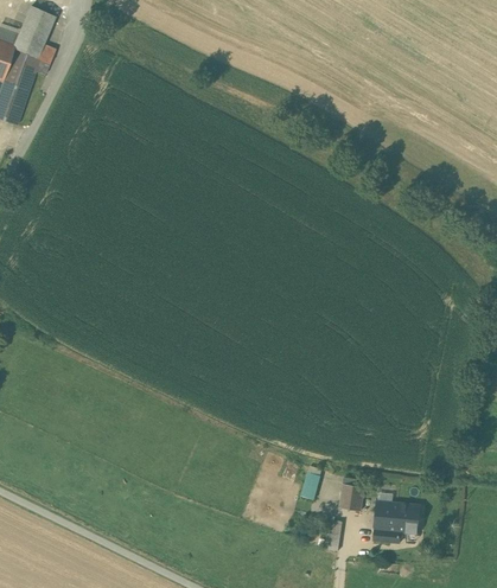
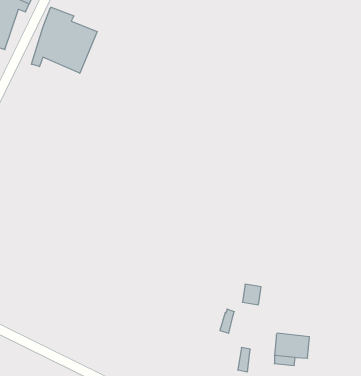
building: none -> [31,7,97,73]
building: [339,482,364,510] -> [242,284,261,305]

